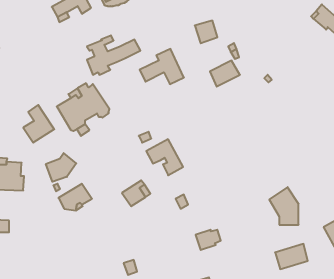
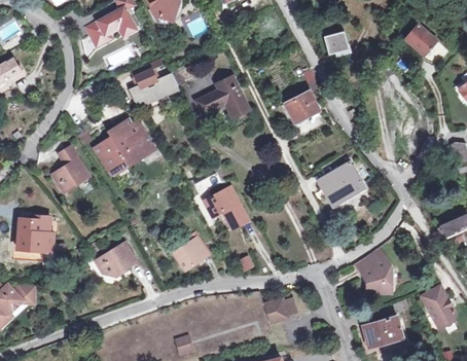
building: [195,21,217,43] -> [320,27,348,55]
building: none -> [318,161,365,207]
building: [46,153,76,182] -> none

